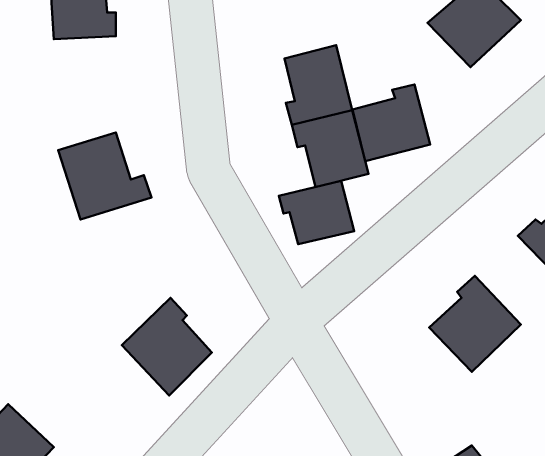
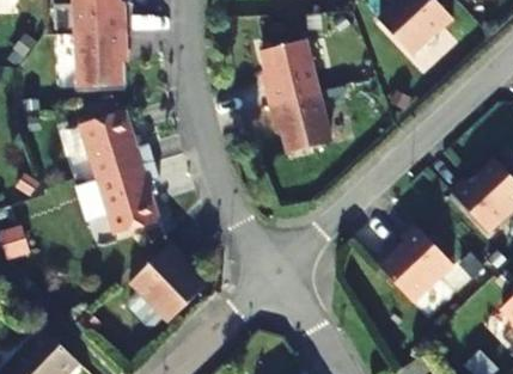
building: none -> [75,32,127,87]
building: [352,84,430,161] -> none
building: [279,181,354,244] -> none
building: none -> [97,163,160,235]

